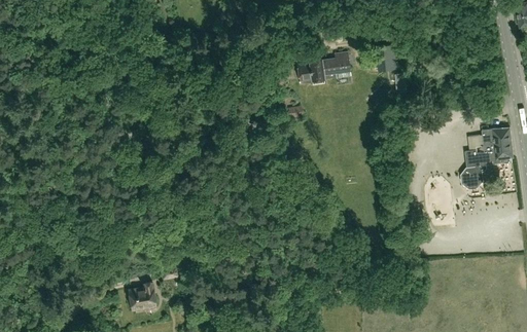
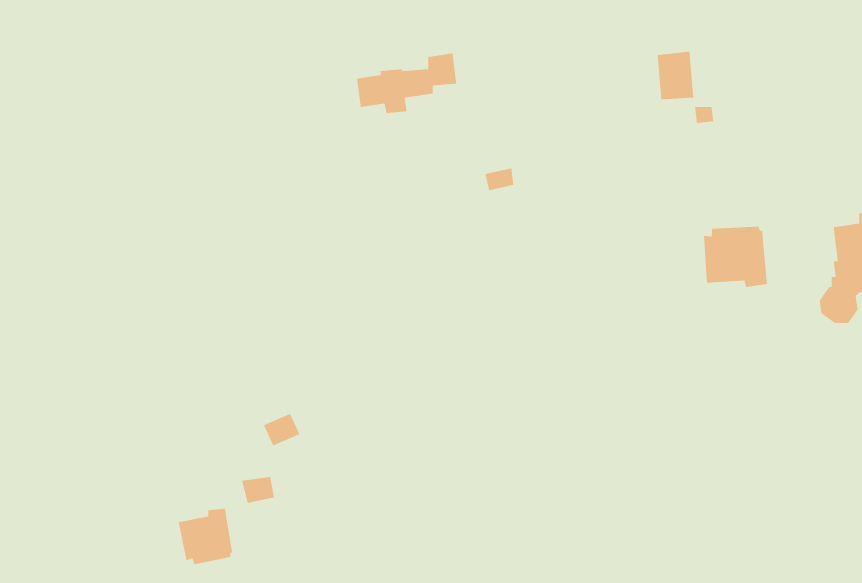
building: [298,49,351,81] -> [356,53,457,114]
building: none -> [703,226,768,288]

